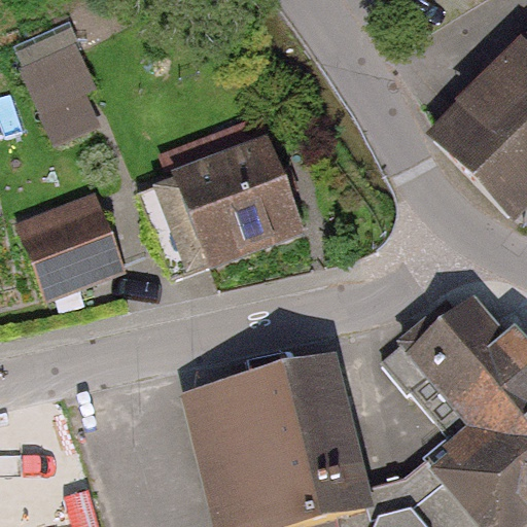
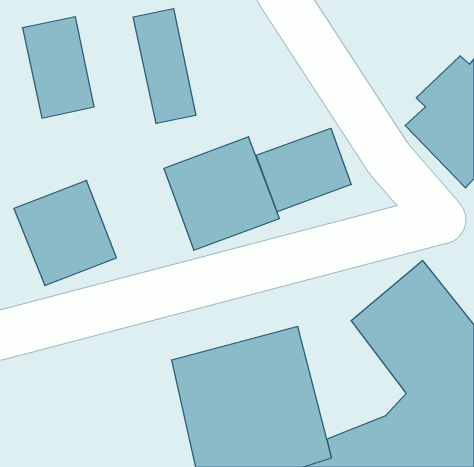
building: none -> [133,8,196,124]
building: none -> [256,128,351,212]

